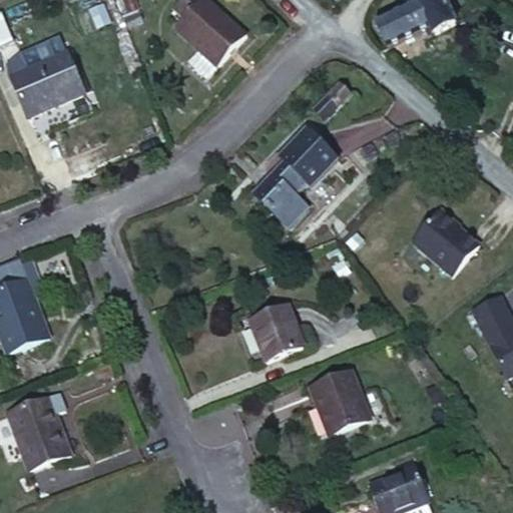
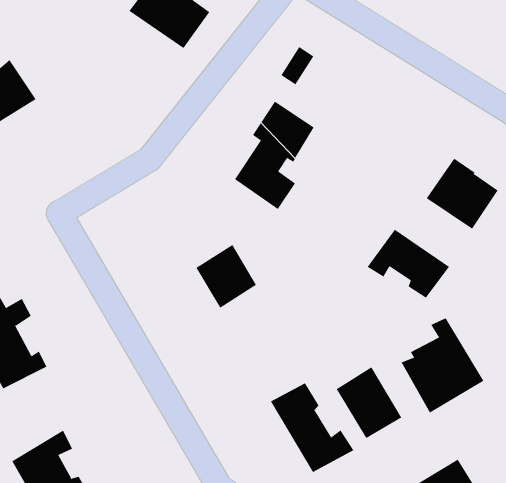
building: none -> [367,229,450,299]
building: [247,308,300,363] -> [196,244,257,308]
building: none -> [401,318,484,413]
building: none -> [270,383,354,473]

